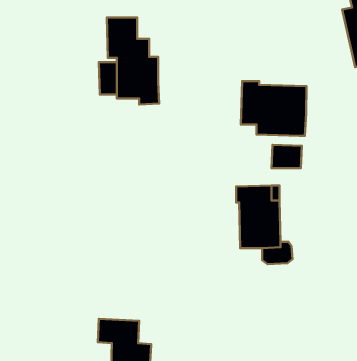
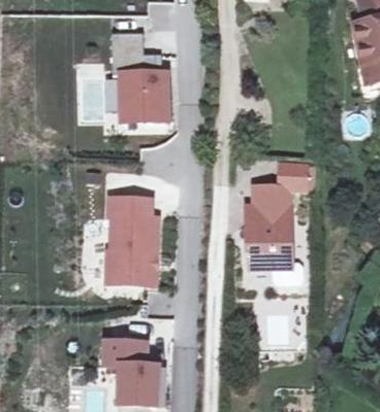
building: [241,81,306,136] -> none
building: none -> [108,188,157,284]

